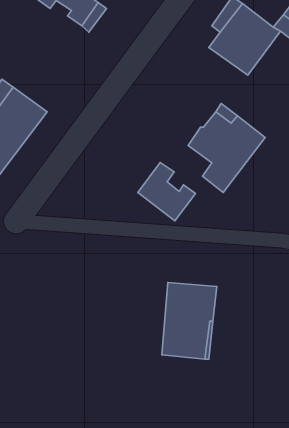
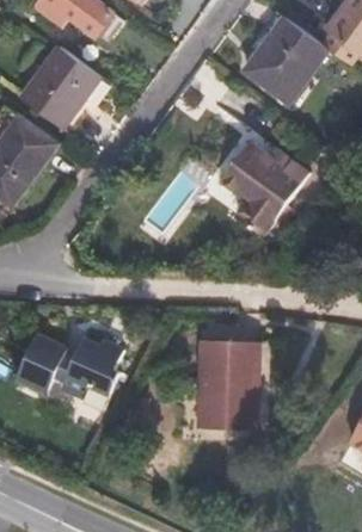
building: none -> [25,45,116,129]
building: [138,162,195,221] -> none
building: none -> [18,328,128,409]

